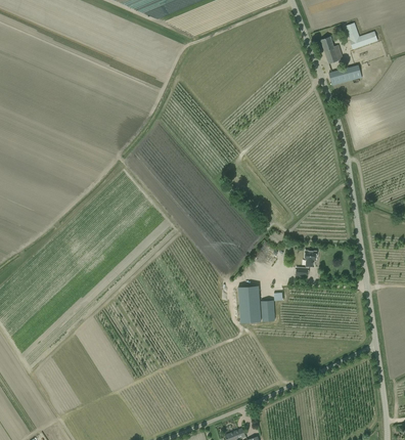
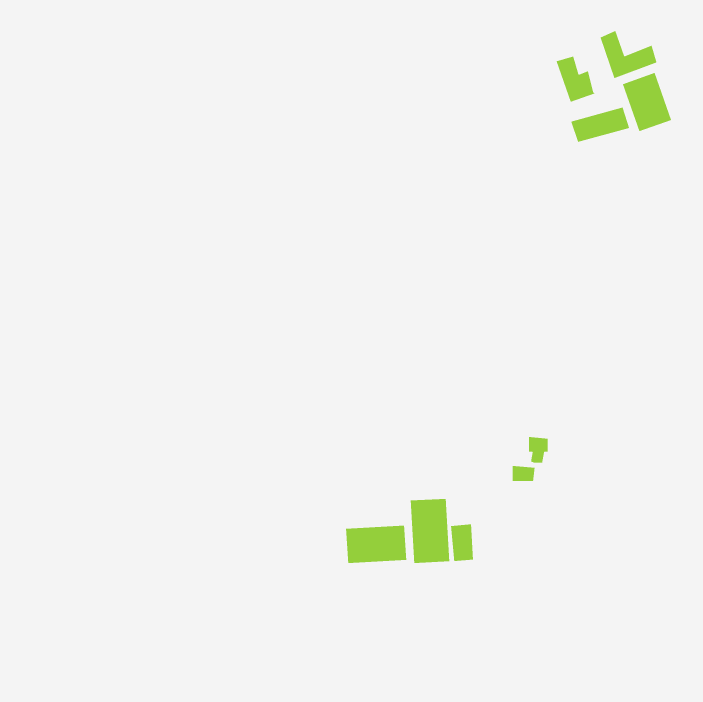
building: none -> [622,72,672,132]
building: none -> [345,525,407,564]

